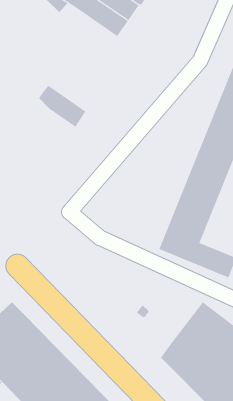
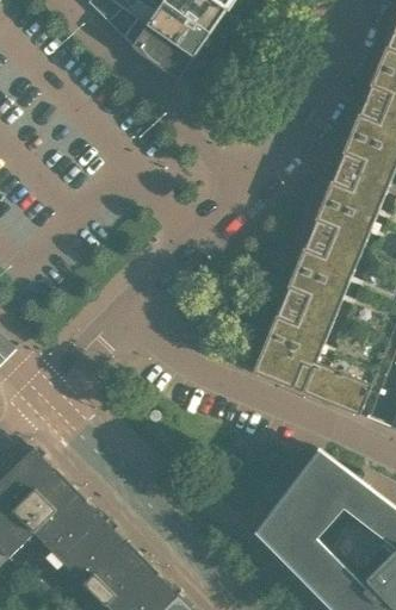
building: [38,85,86,128] -> [122,18,193,81]

